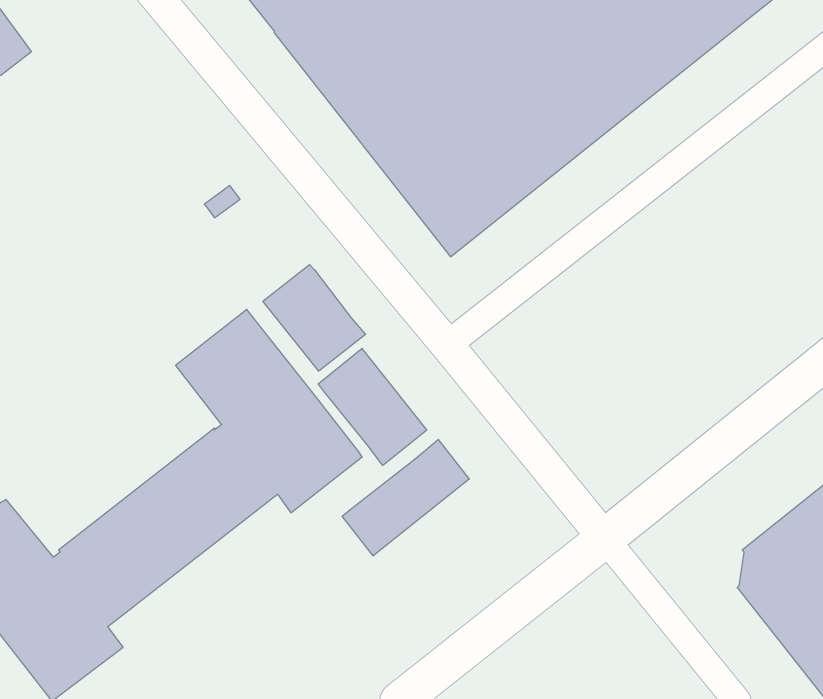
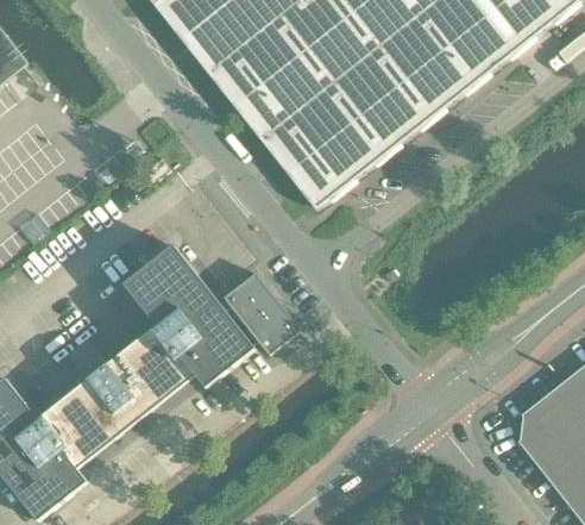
building: [263,264,366,371] -> none
building: [342,439,469,556] -> none

